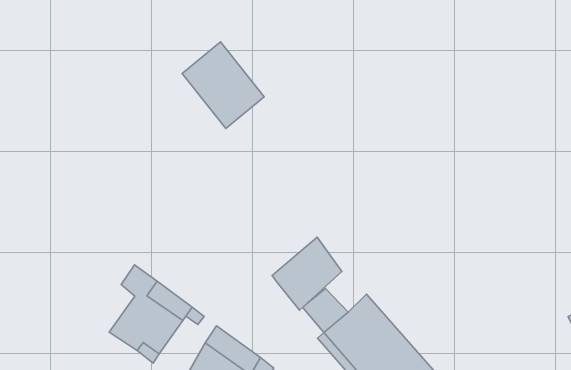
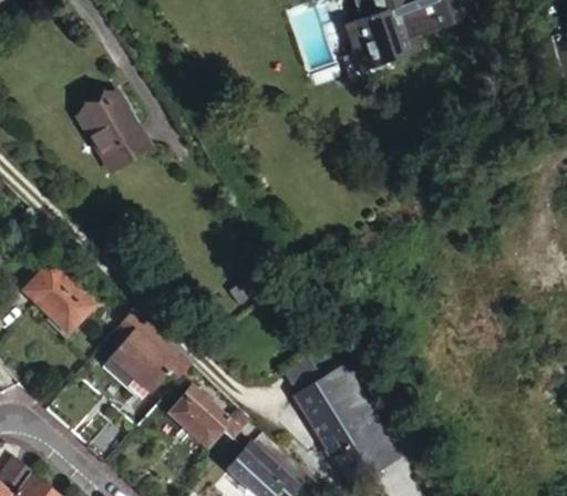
building: [182,42,264,129] -> [79,104,151,184]
building: none -> [22,262,91,331]
building: [272,237,342,310] -> none

